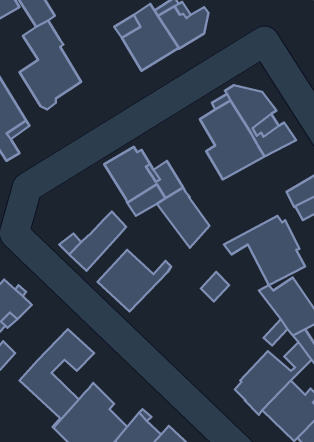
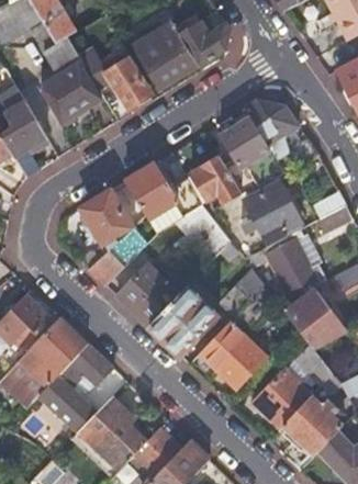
building: none -> [79,46,152,106]
building: none -> [190,154,242,203]
building: none -> [244,182,297,237]
building: none -> [79,187,132,249]
building: none -> [148,285,217,356]
building: none -> [29,315,87,374]
building: none -> [188,320,265,384]

